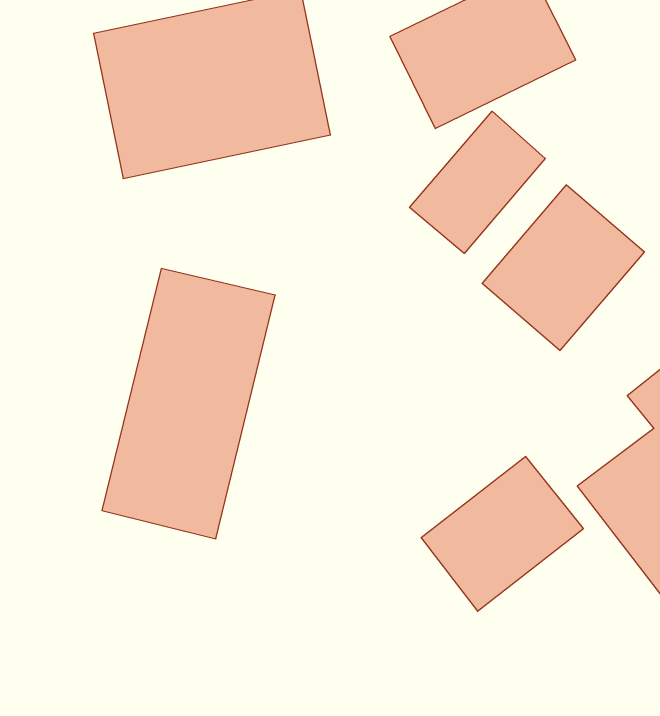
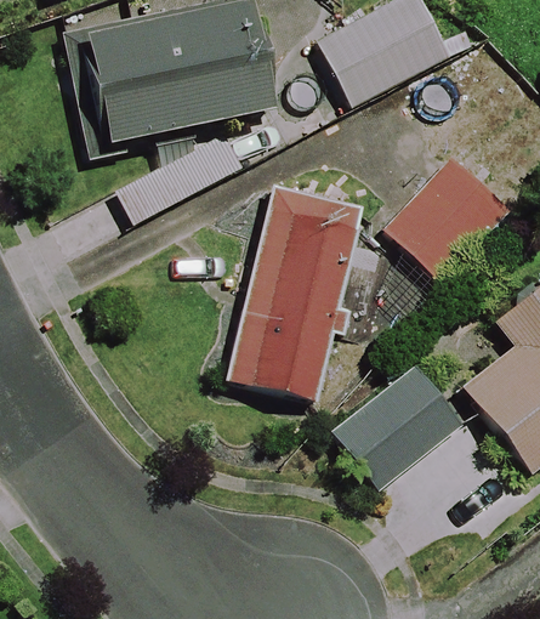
building: [410,111,545,253] -> none
building: [102,269,275,539] -> [231,188,365,398]

